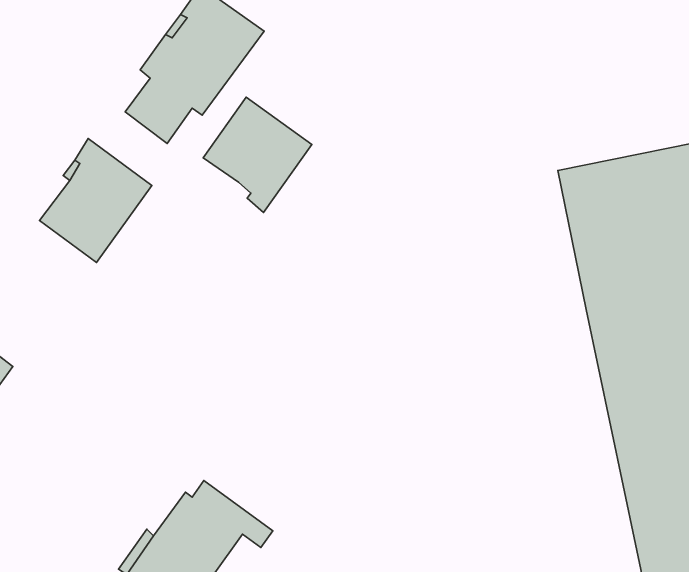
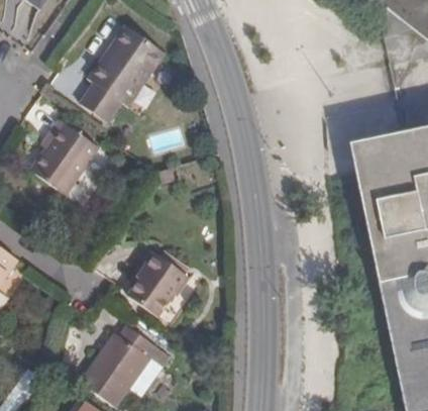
building: [203,97,312,213] -> none
building: none -> [132,251,203,326]

